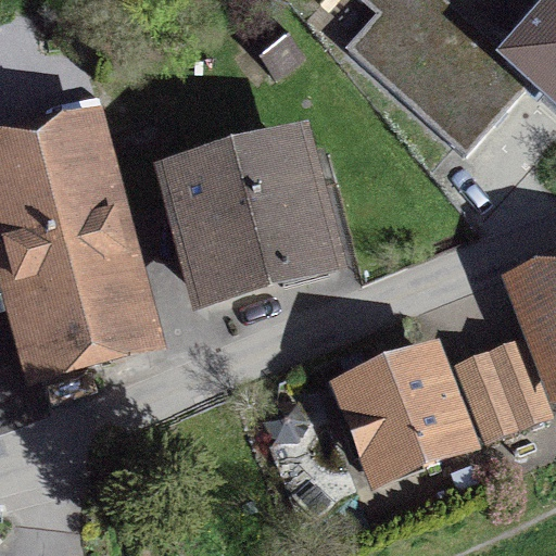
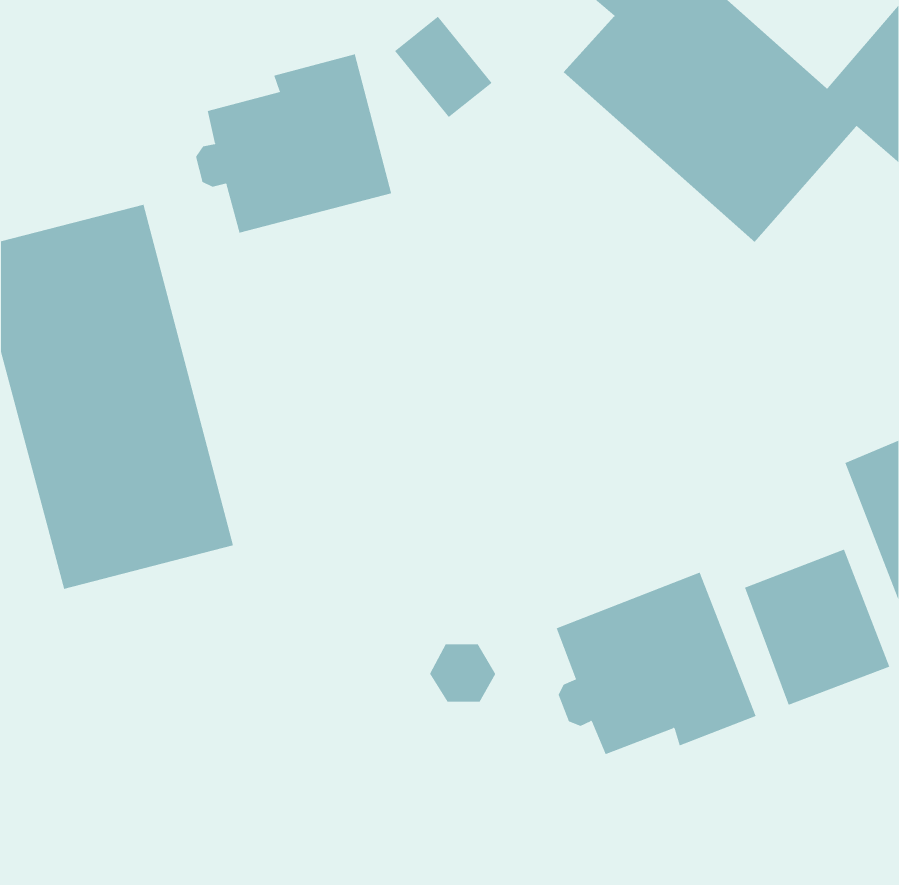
building: none -> [196,54,392,234]
building: [174,146,326,293] -> none

